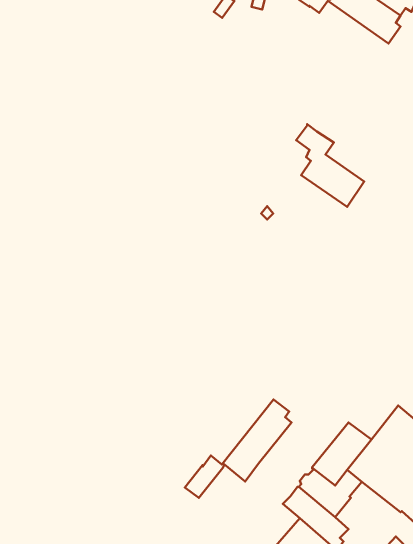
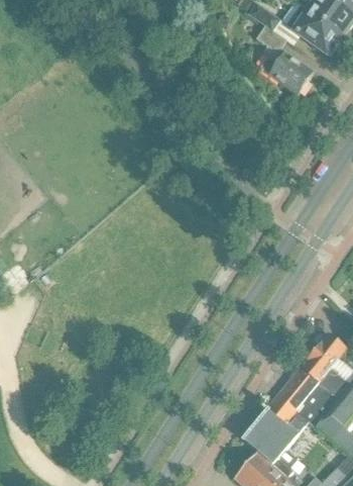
building: [296,124,364,207] -> [255,25,312,94]
building: none -> [297,333,346,386]
building: [185,399,292,498] -> none

